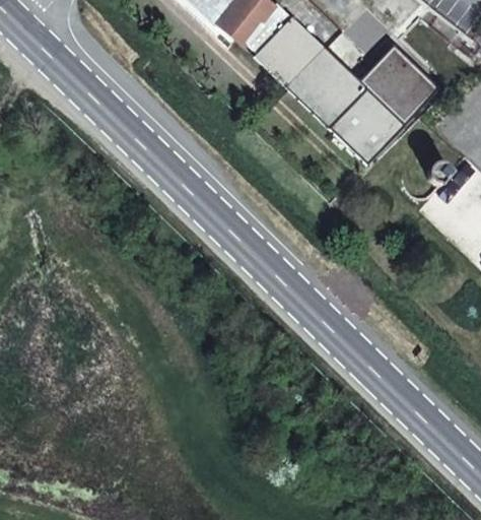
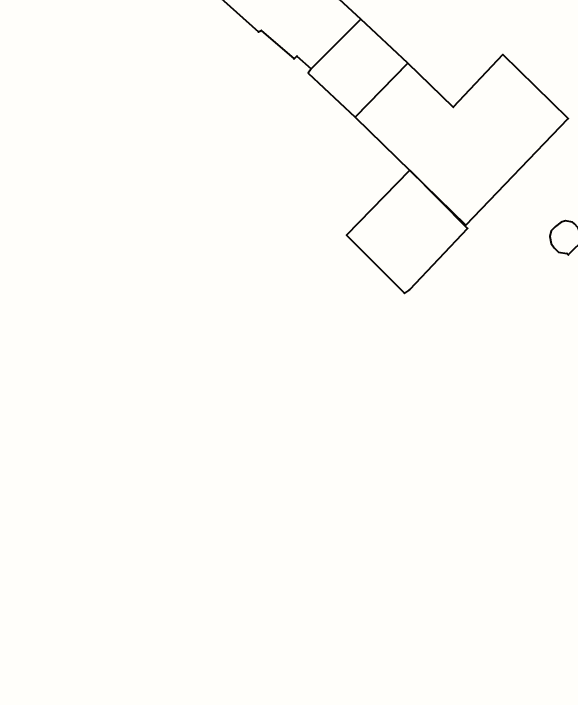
building: none -> [347,170,468,293]

